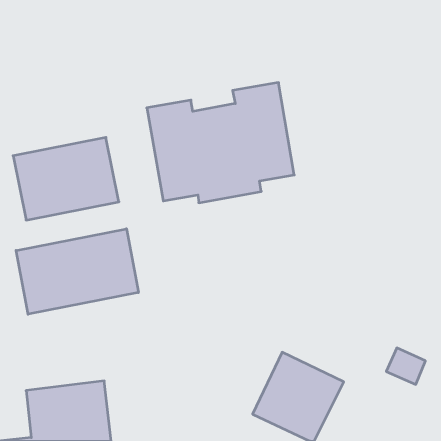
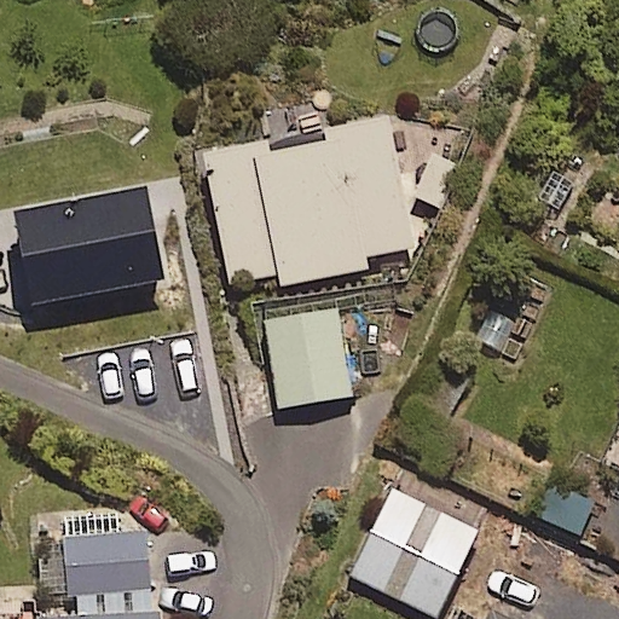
building: none -> [266,307,348,405]
building: [16,229,138,314] -> none

